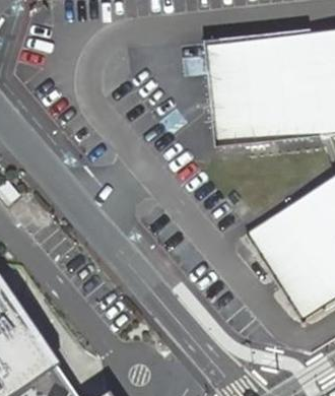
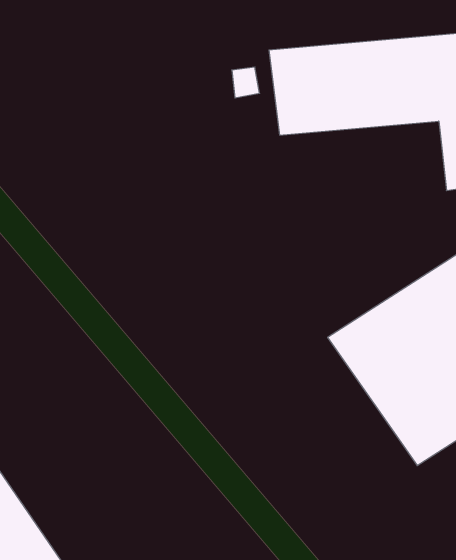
building: [213,89,323,145] -> none

